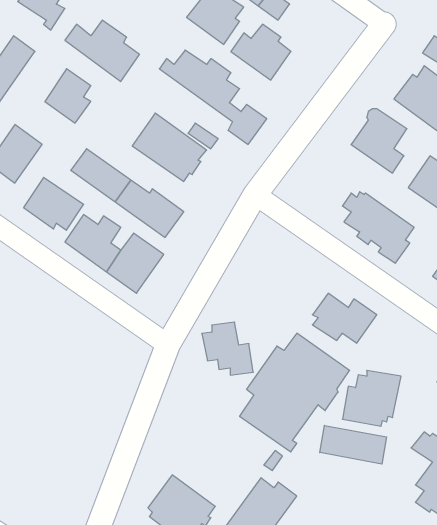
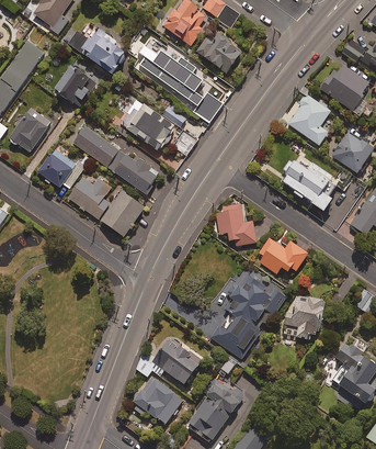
building: [202,322,253,375] -> [215,204,254,245]
building: none -> [148,337,201,384]
building: [320,425,386,464] -> none

